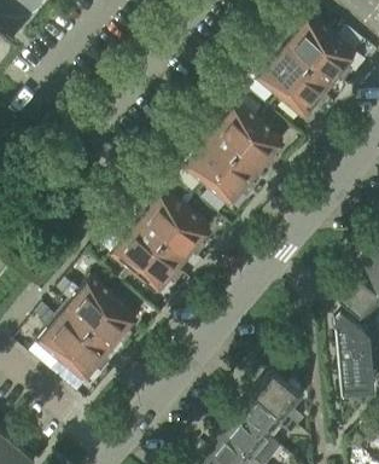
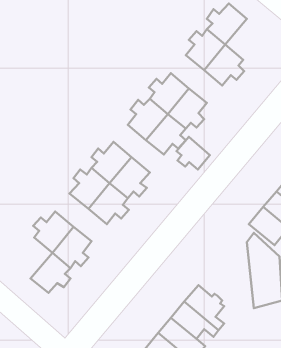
building: [305,33,356,85] -> none
building: none -> [177,137,210,170]
building: [36,309,87,361] -> none

